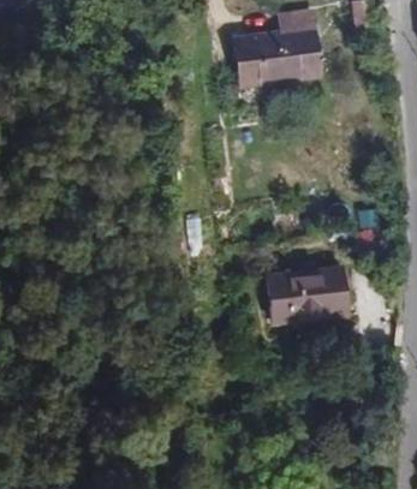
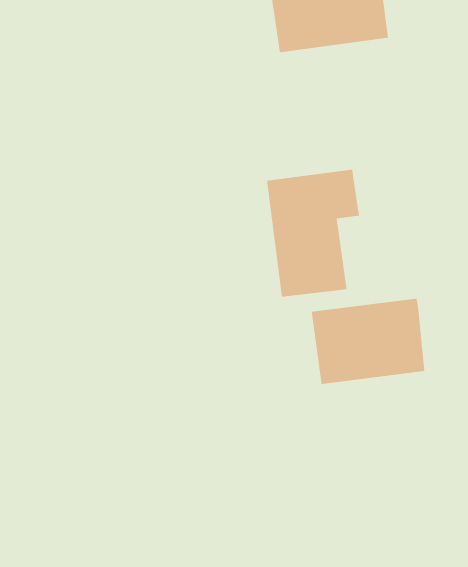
building: none -> [267,169,360,297]

